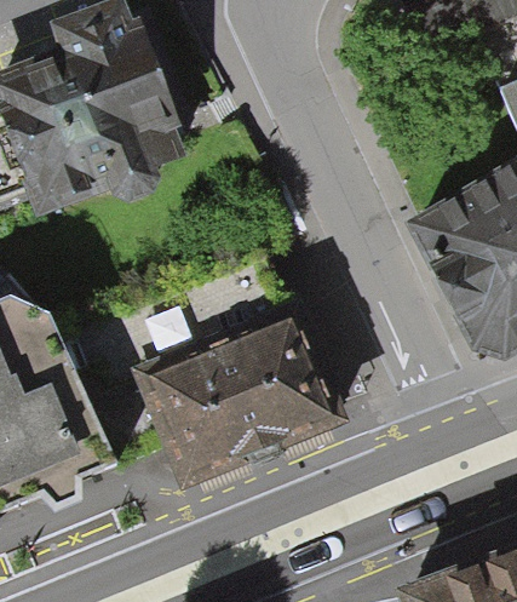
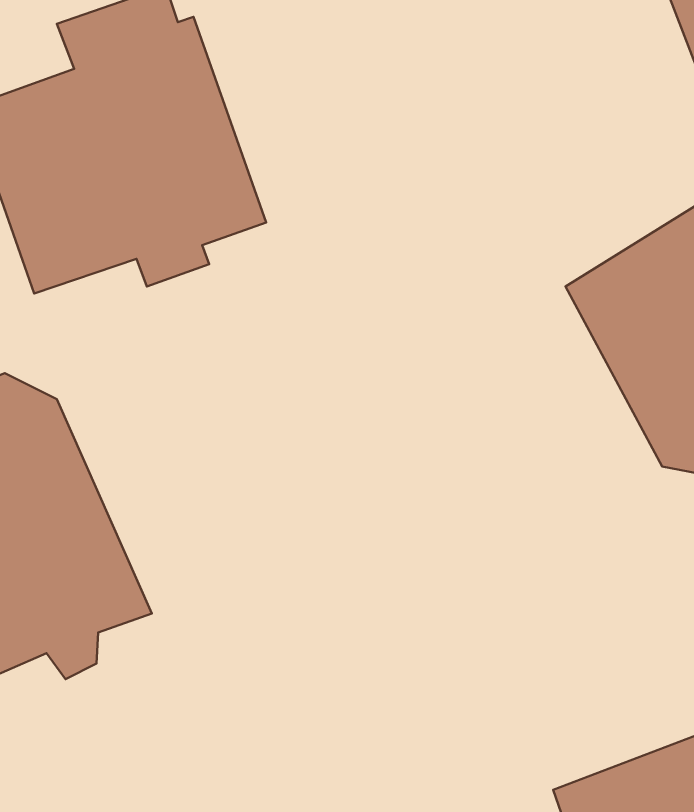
building: [136,303,345,481] -> none

